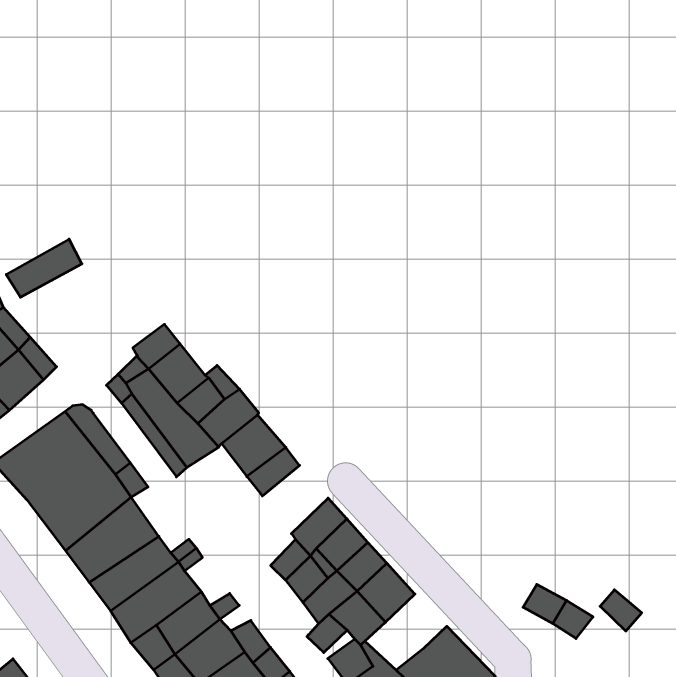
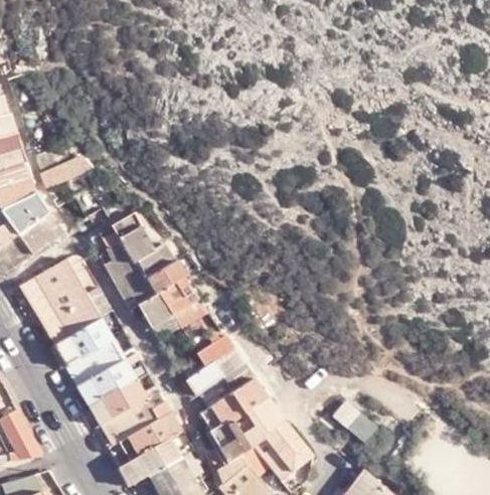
building: none -> [137,292,180,339]
building: none -> [233,398,285,444]

